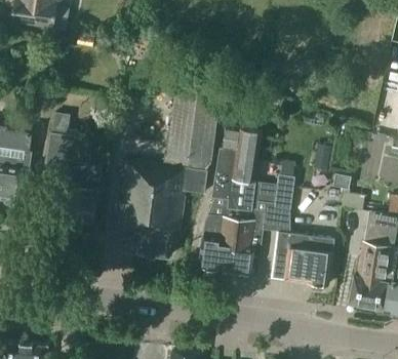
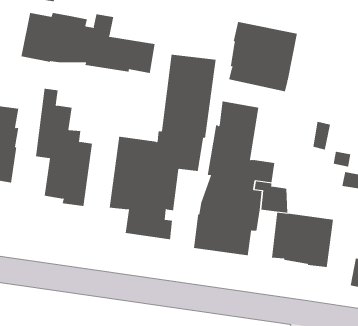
building: none -> [21,12,155,74]
building: none -> [229,21,297,92]
building: [274,161,294,209] -> none

